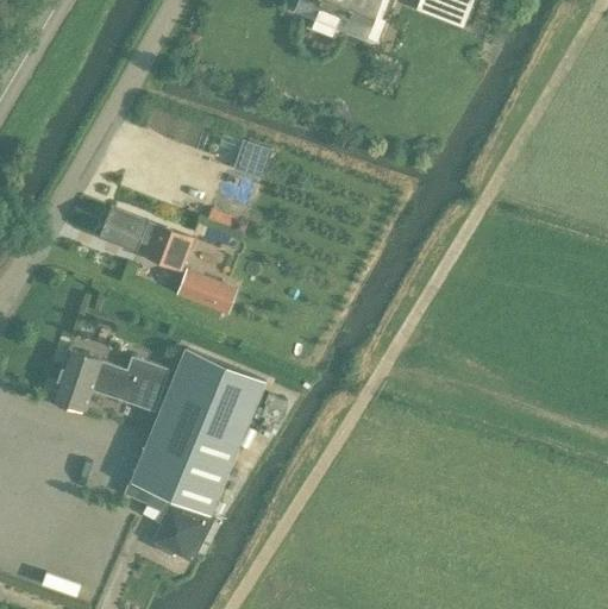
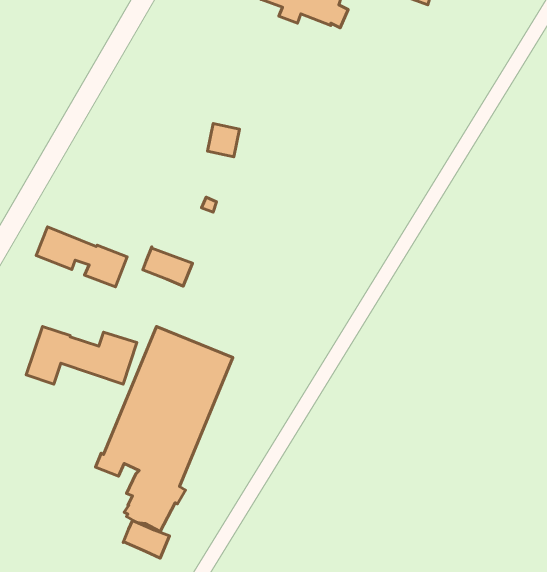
building: [99,207,193,269] -> [36,227,127,287]
building: none -> [123,520,170,558]

